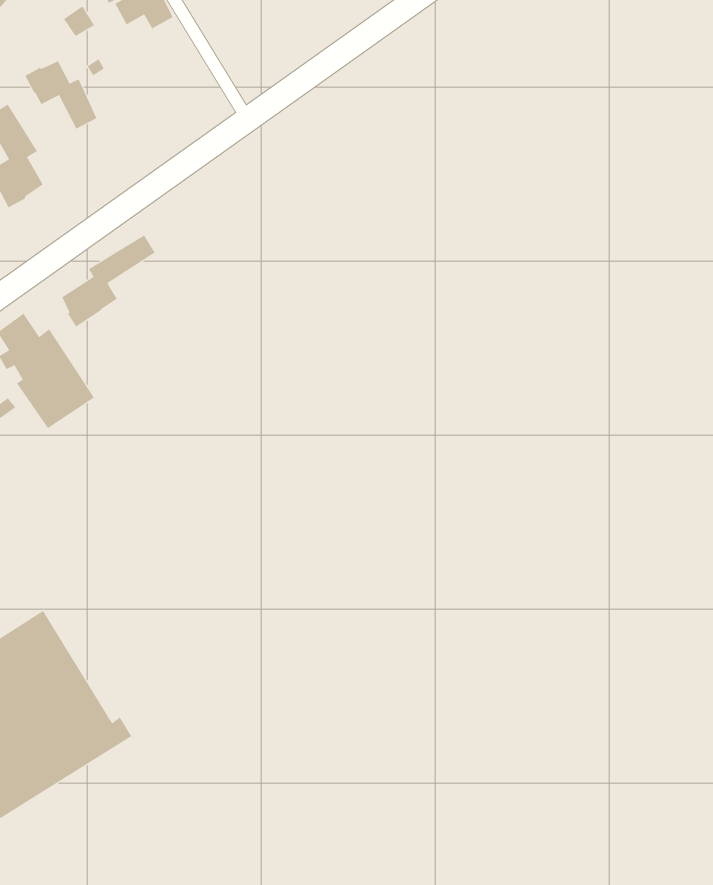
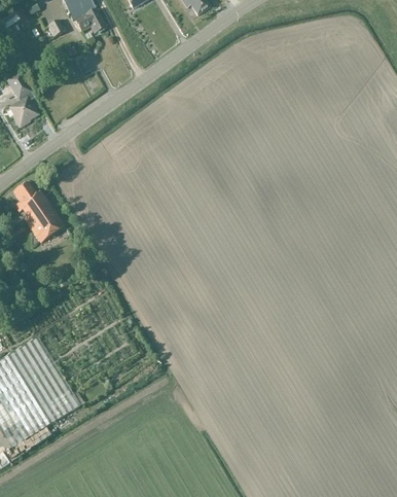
building: [24,61,97,129] -> none
building: [61,234,155,327] -> none

